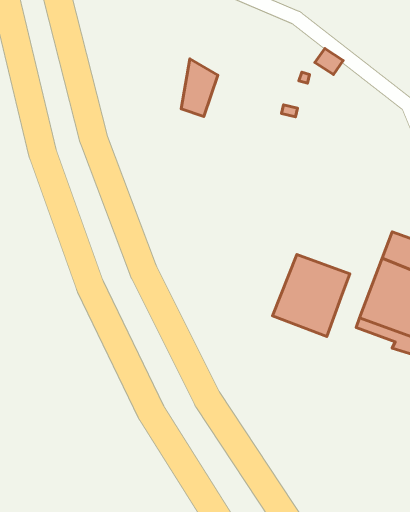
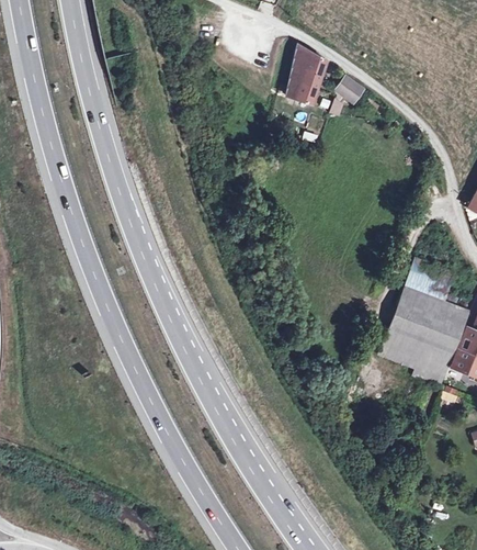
building: [181,59,218,116] -> [288,45,326,103]
building: [272,254,350,337] -> none

